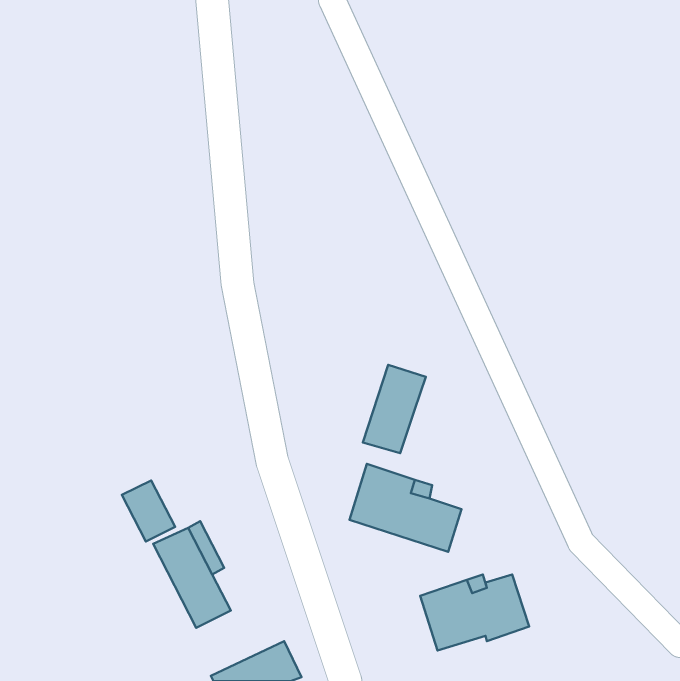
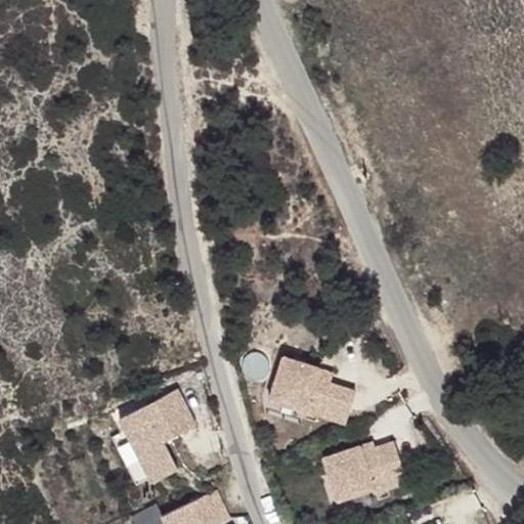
building: [363,365,426,453] -> none
building: [122,480,175,542] -> [154,389,194,436]

